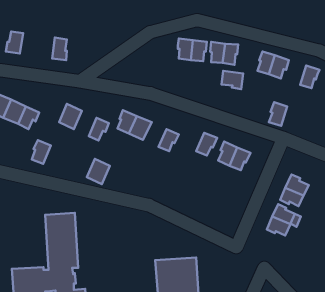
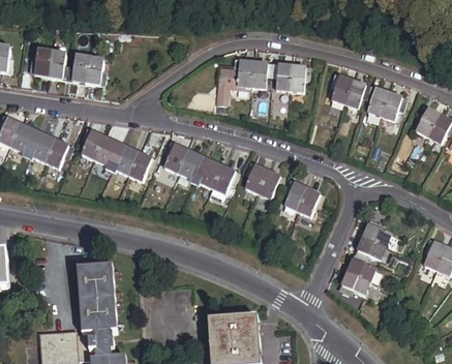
building: none -> [48,53,66,80]
building: none -> [69,56,89,83]
building: none -> [216,66,250,102]
building: [221,71,243,89] -> none
building: [269,102,287,126] -> [365,86,387,114]
building: none -> [193,158,221,187]
building: none -> [243,163,266,192]
building: [32,140,51,164] -> [81,130,103,158]
building: [87,159,110,184] -> [112,145,139,175]

